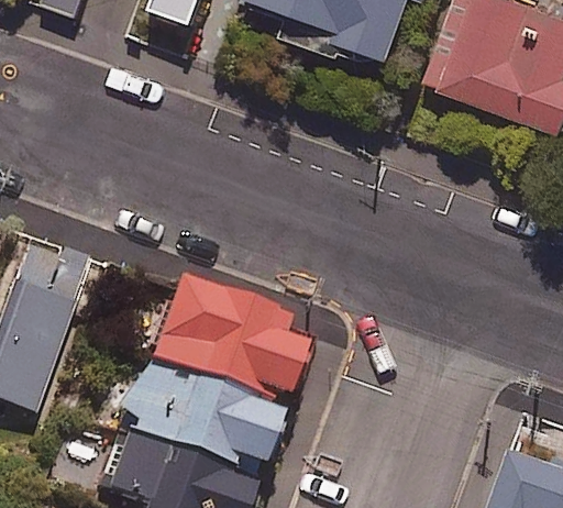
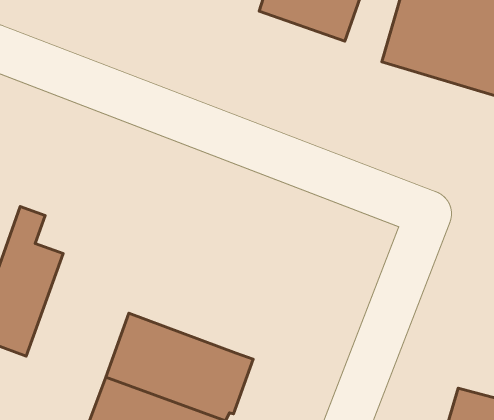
building: [147,286,303,411] -> none

